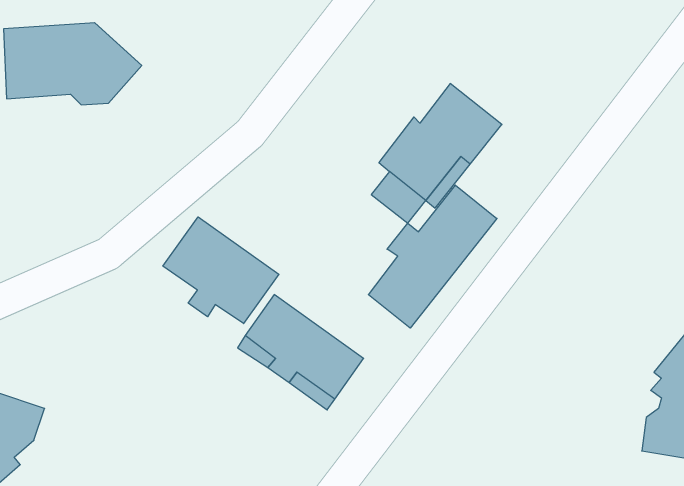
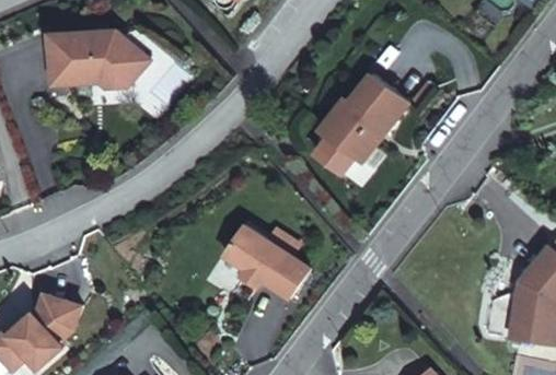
building: [368,185,497,328] -> none
building: [163,217,279,324] -> none

